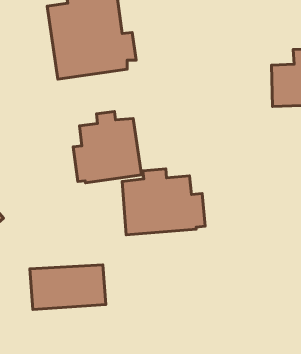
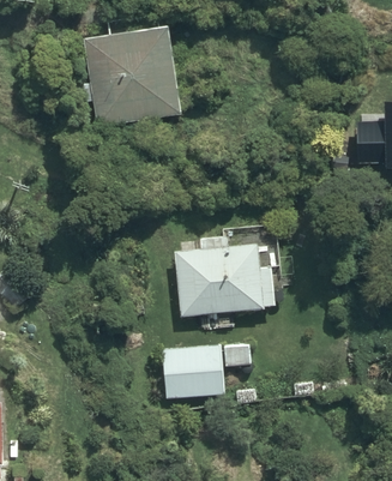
building: [73,111,142,183] -> none
building: [30,265,106,309] -> [161,344,253,398]

